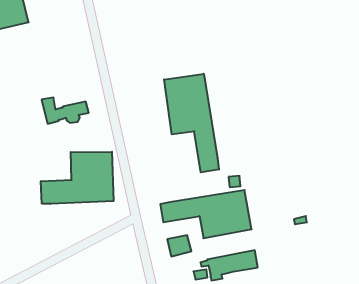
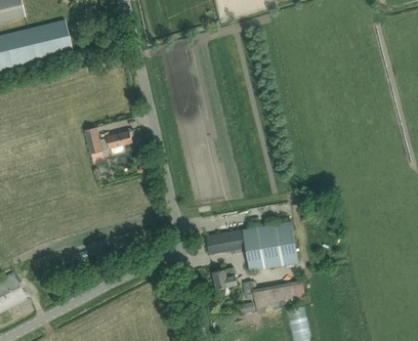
building: [164,74,219,172] -> none
building: [41,152,114,204] -> none

